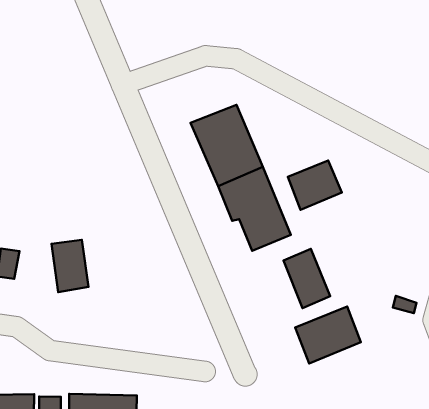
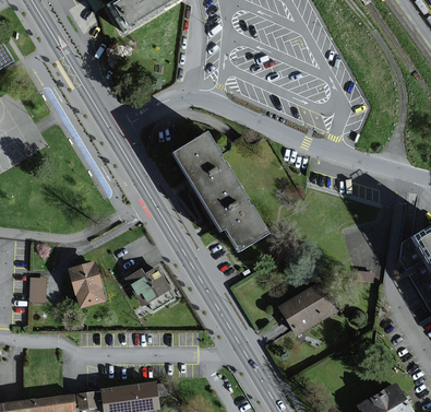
building: [288,161,342,210] -> none
building: [283,249,330,308] -> none
building: none -> [129,268,171,304]

